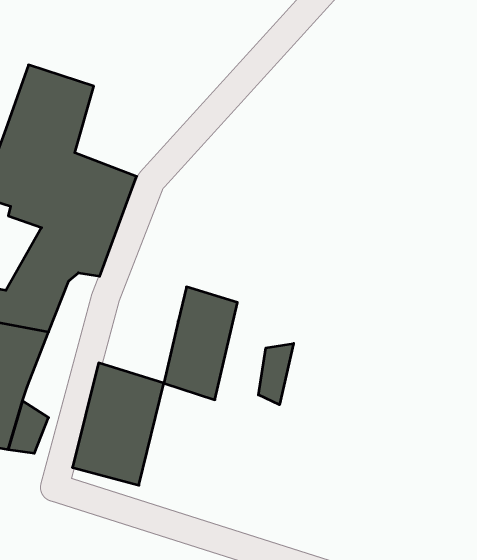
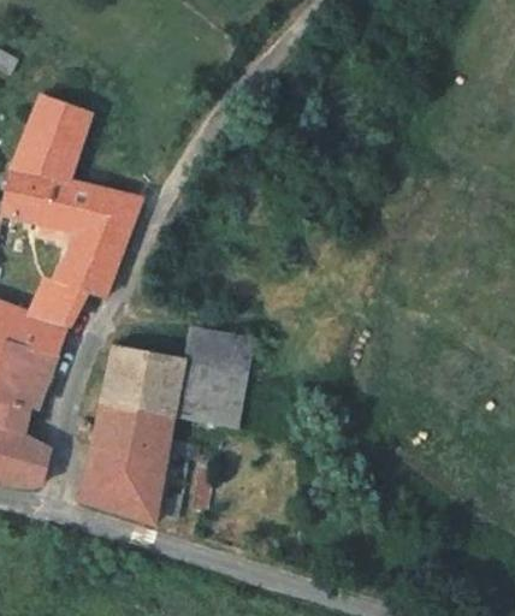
building: none -> [105,337,185,415]
building: [258,343,294,405] -> none

